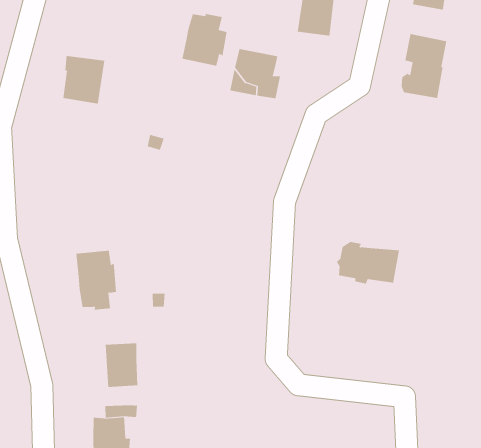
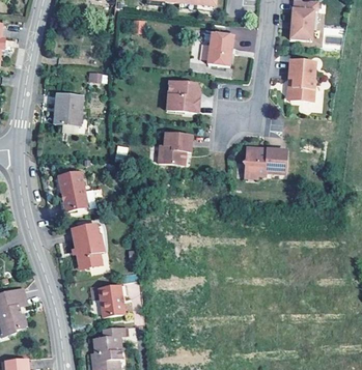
building: [182,13,227,66] -> none
building: none -> [159,131,193,163]
building: none -> [60,171,91,211]
building: [336,241,400,284] -> [244,149,286,177]

